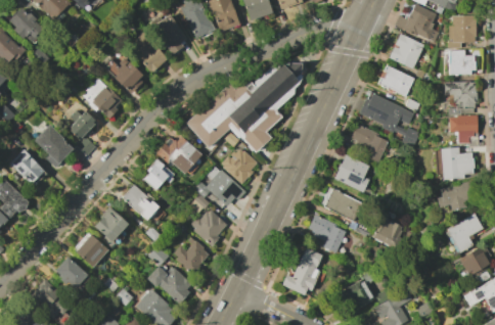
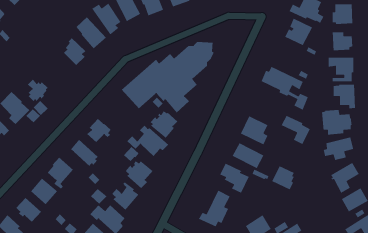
building: [379,65,415,96] -> none
building: [83,78,122,119] -> none
building: [351,124,389,161] -> [281,115,311,145]
building: [156,136,202,174] -> none

